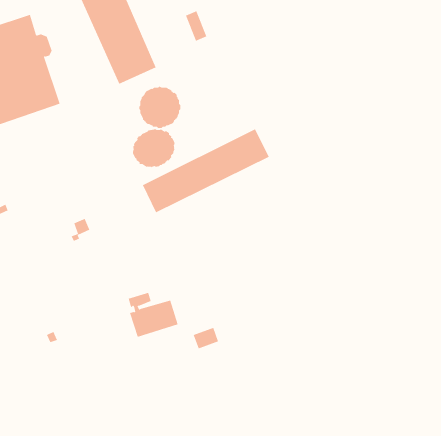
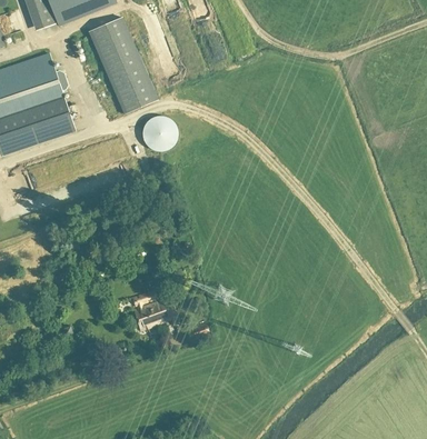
building: [132,128,175,168] -> none
building: [142,129,269,213] -> none

